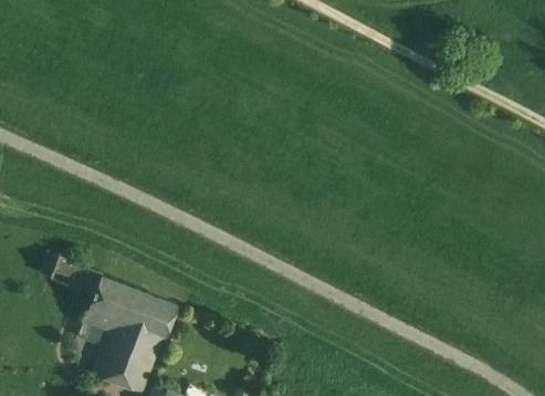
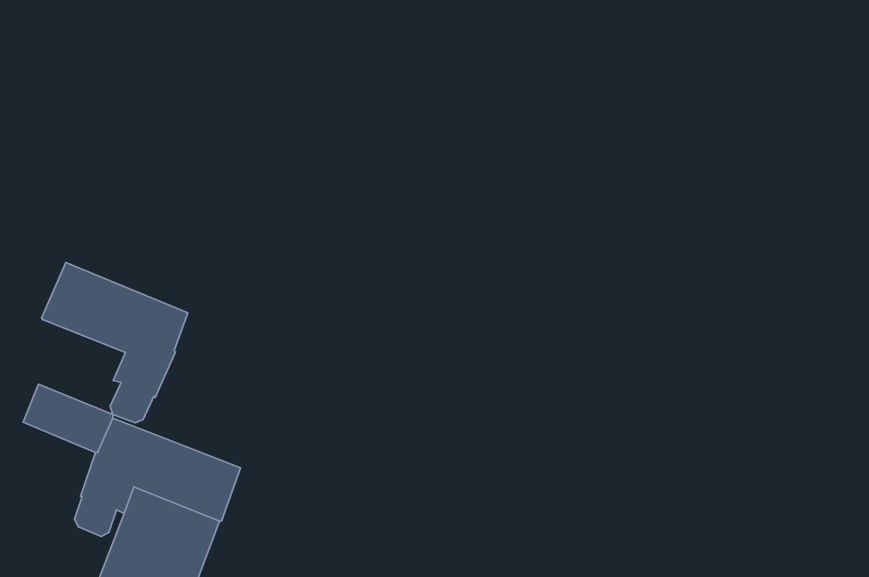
building: none -> [41,263,188,423]

